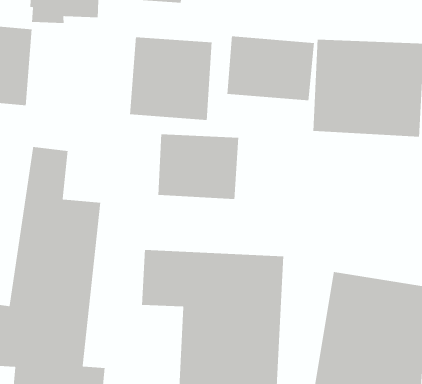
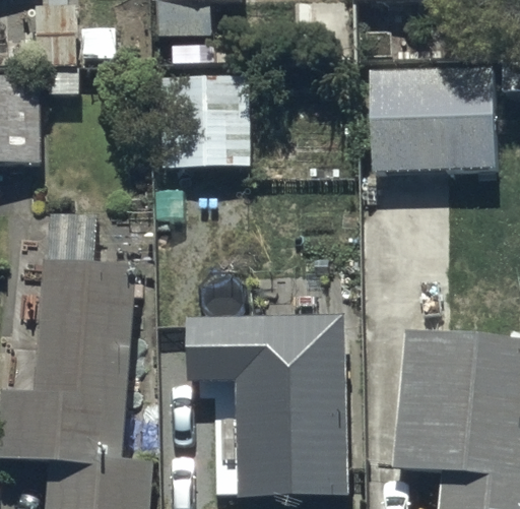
building: [227,35,315,101] -> none
building: [158,133,239,200] -> none

